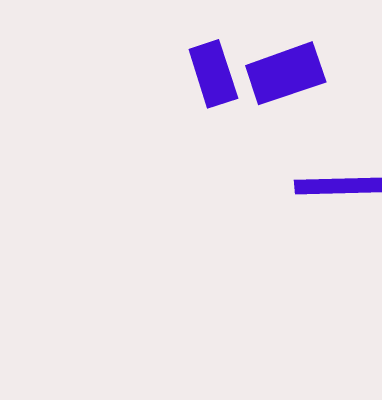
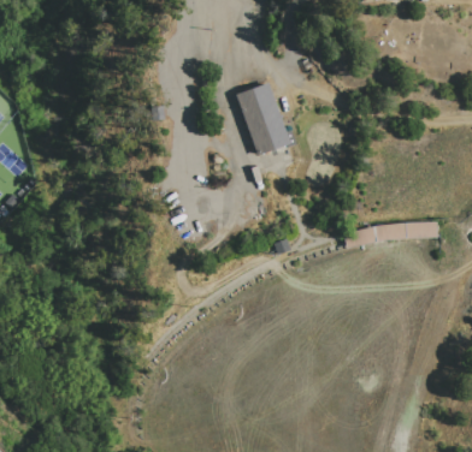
building: [244,40,327,106] -> none

